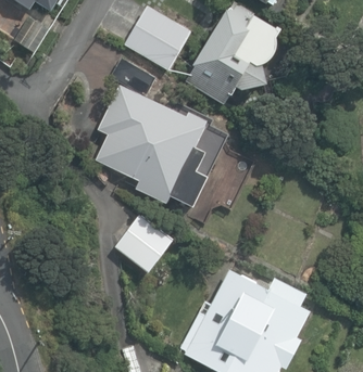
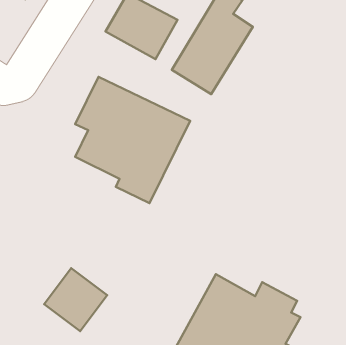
building: [114,213,173,271] -> [44,268,107,331]

